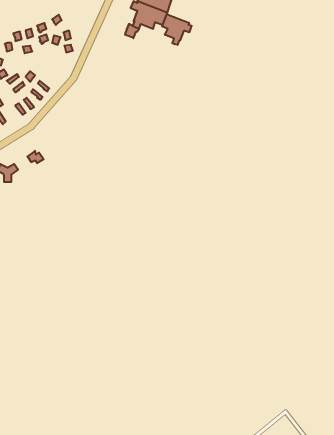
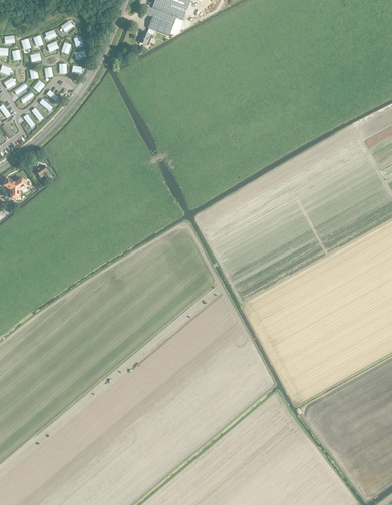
building: [162,14,192,45] -> none

